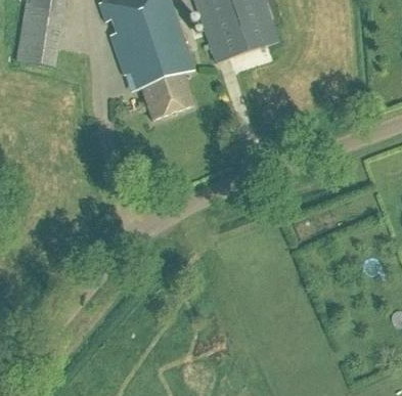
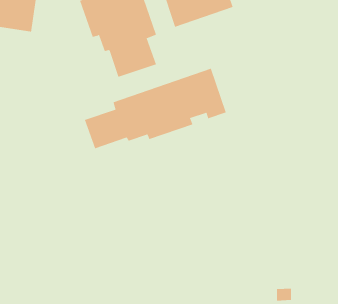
building: none -> [84,68,227,149]

